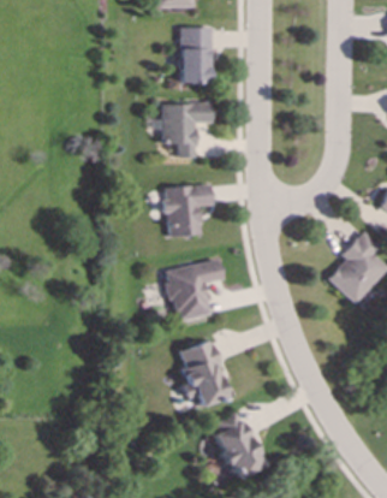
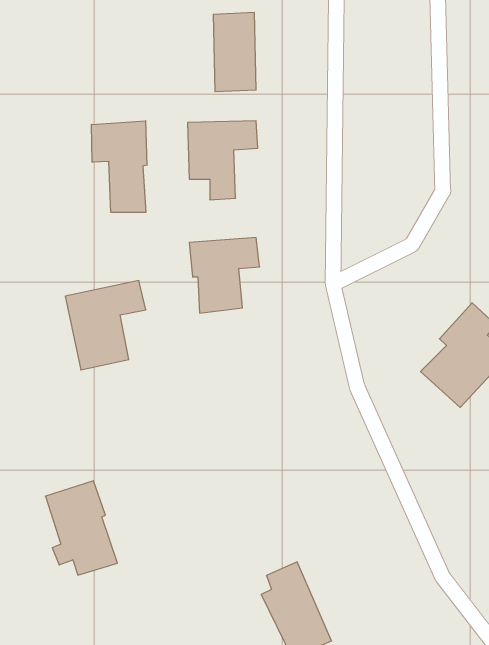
building: none -> [92,121,147,212]
building: [168,260,225,322] -> [65,281,146,370]
building: [180,340,231,407] -> [45,481,117,575]

